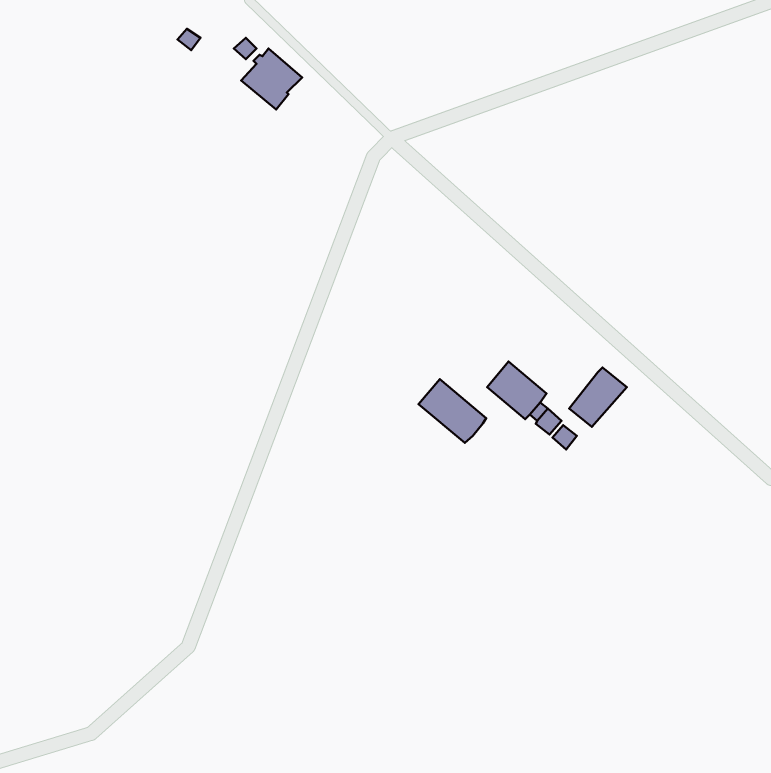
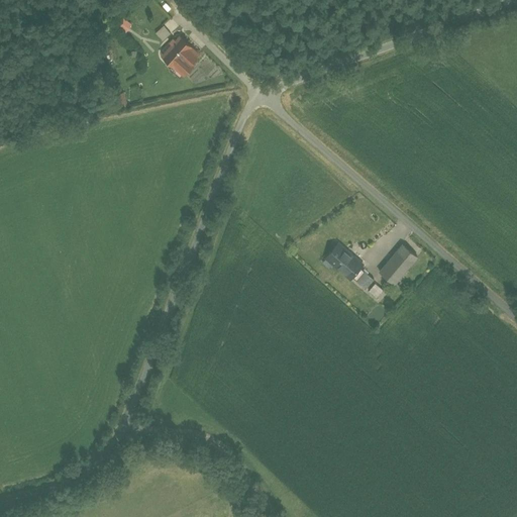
building: [419,379,486,443] -> none

